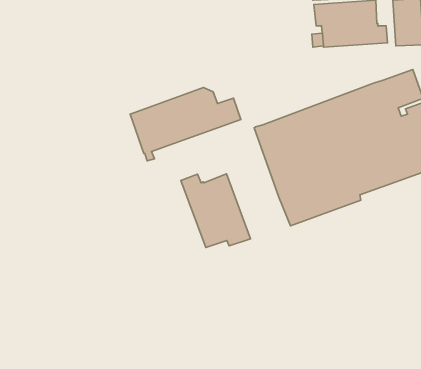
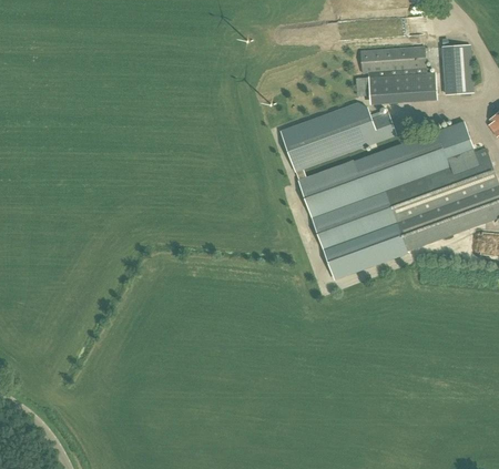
building: [130,88,241,161] -> [281,102,396,179]
building: [181,174,250,247] -> none

